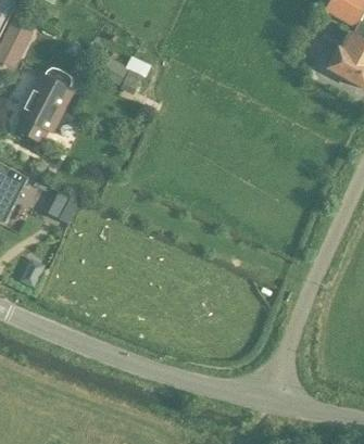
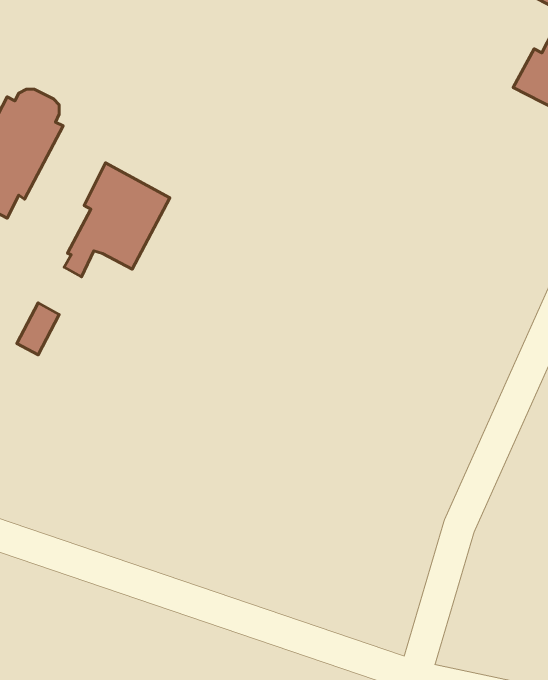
building: none -> [64,163,170,277]

